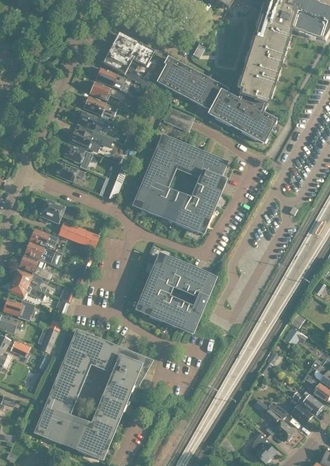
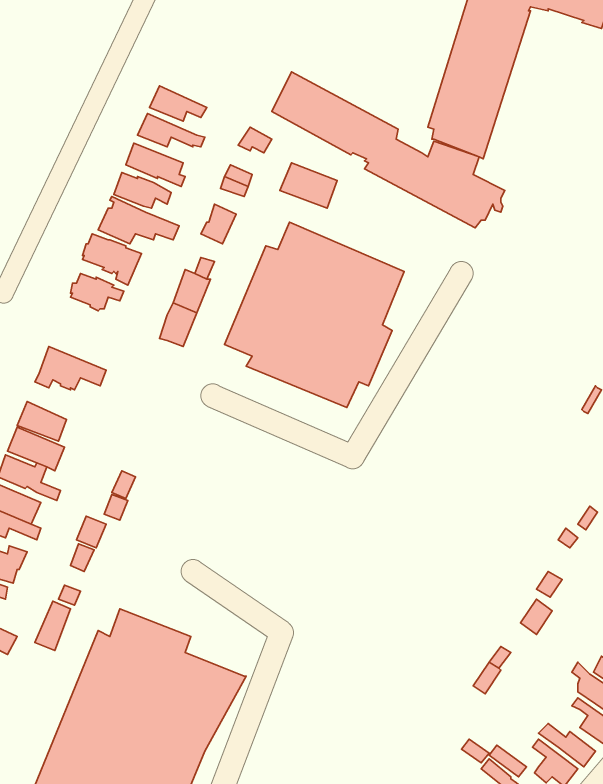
building: [107,36,153,85] -> none
building: [58,220,98,248] -> none
building: [137,255,214,332] -> none

